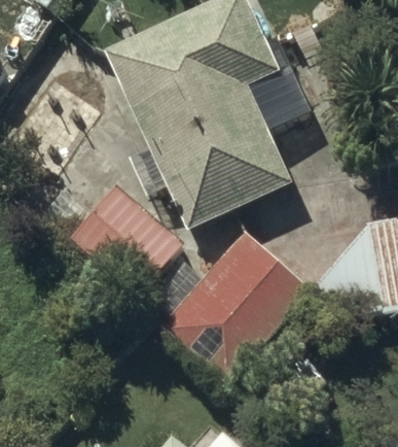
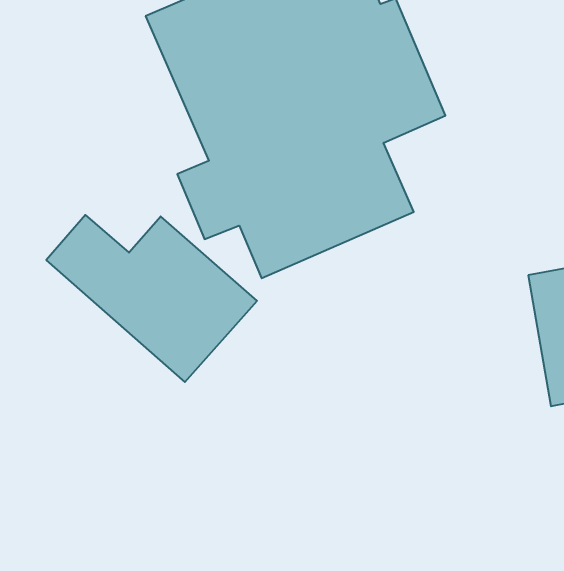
building: [161,232,307,381] -> none

